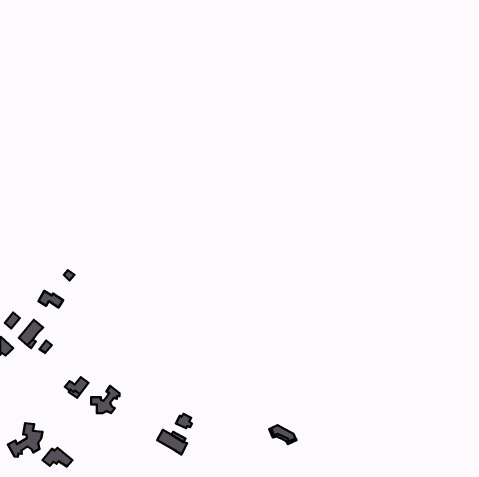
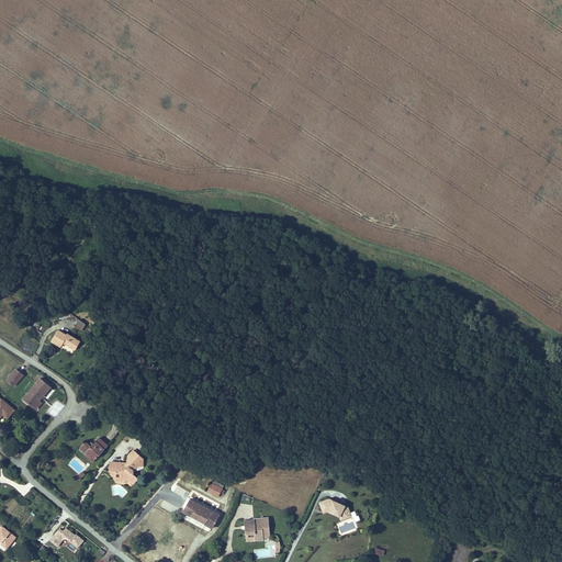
building: [8,423,43,457] -> none
building: none -> [241,517,267,539]

